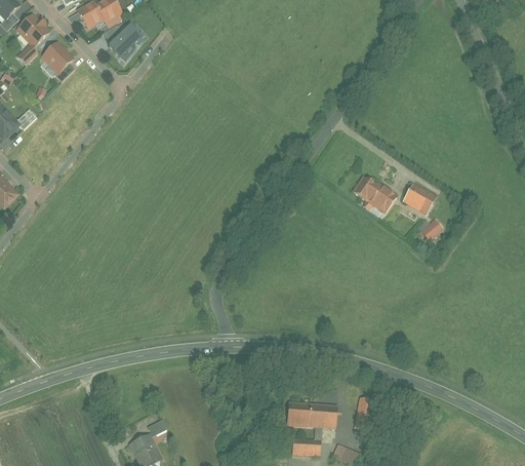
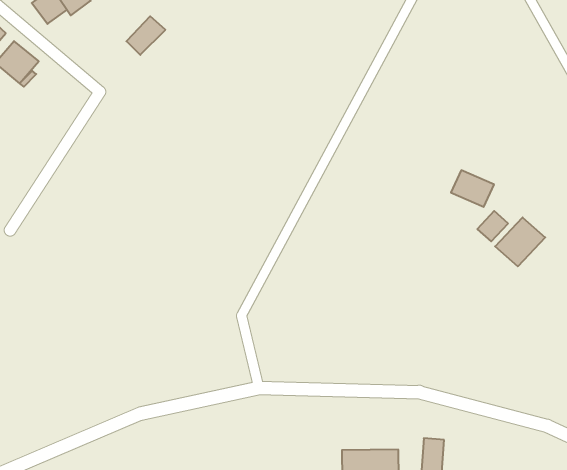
building: [107,22,139,52] -> [126,16,165,55]
building: [351,173,397,215] -> none
building: none -> [495,217,545,266]

